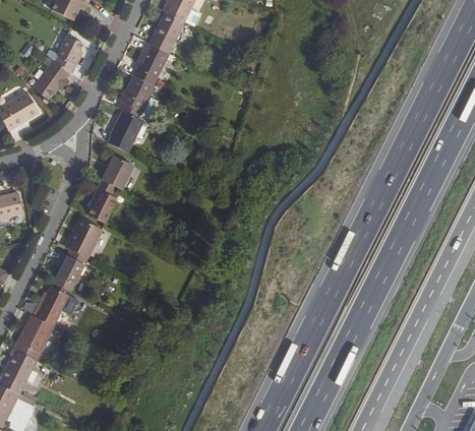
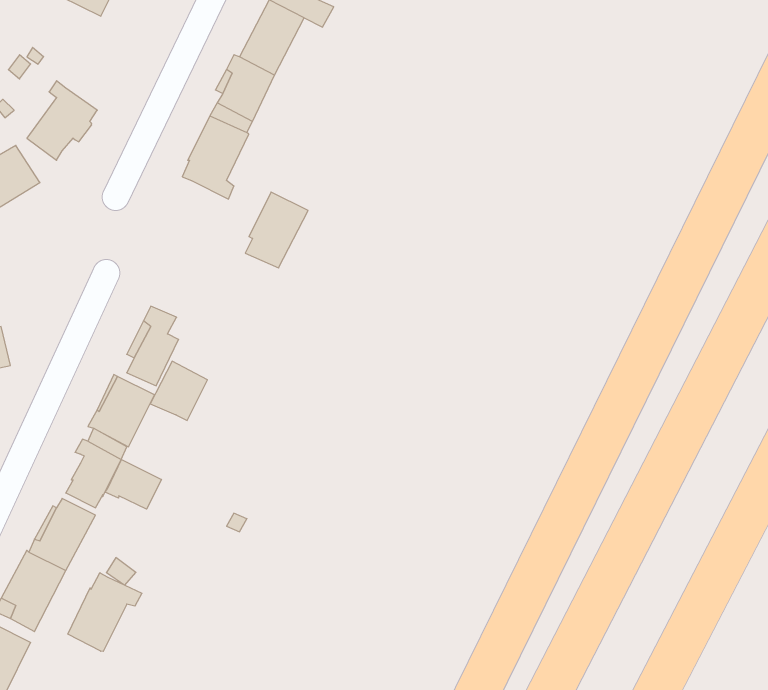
building: [54,36,84,73] -> none
building: [109,111,143,152] -> [245,192,308,268]
building: [101,157,132,189] -> [150,361,207,420]
building: none -> [105,459,161,509]
building: none -> [68,573,142,651]

